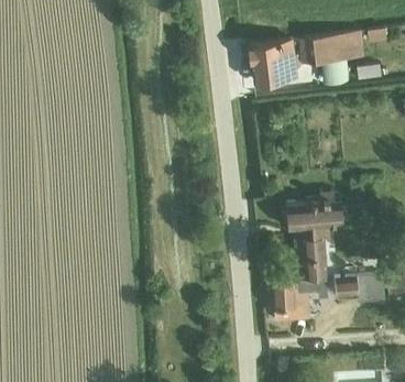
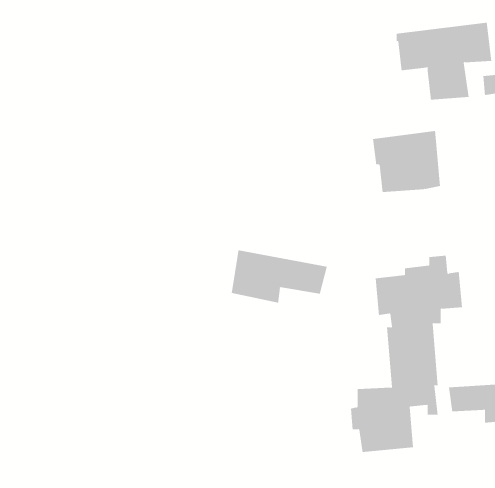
building: [249,40,295,81] -> [372,131,441,193]
building: none -> [231,249,328,303]

